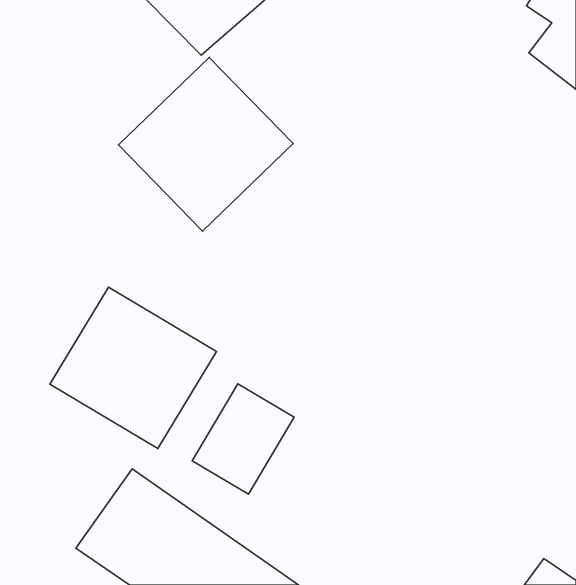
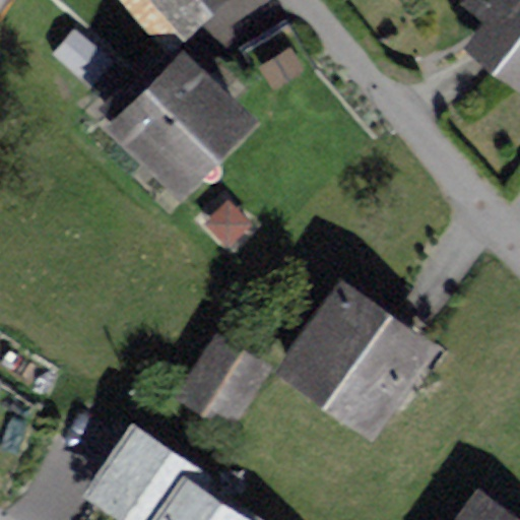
building: [50,287,217,449] -> none
building: none -> [274,279,439,443]

